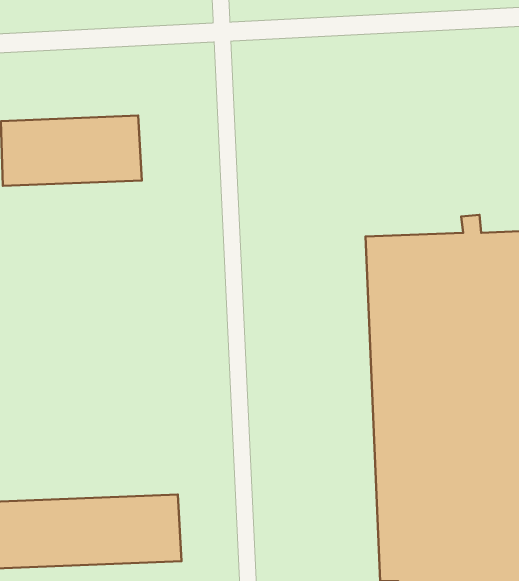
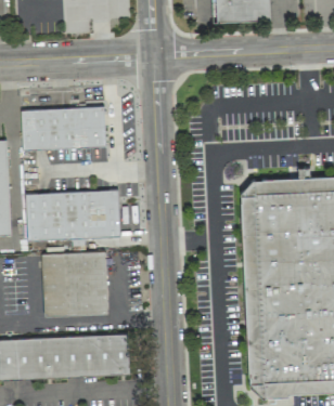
building: none -> [26,191,120,239]
building: none -> [42,251,107,316]

